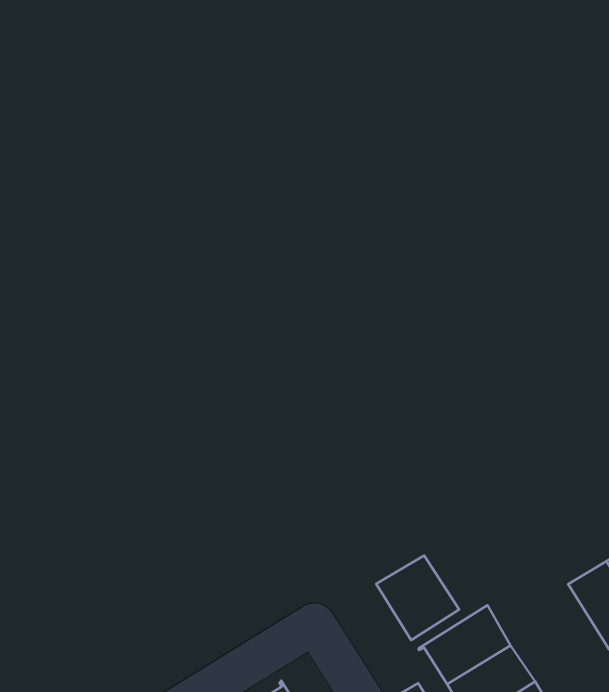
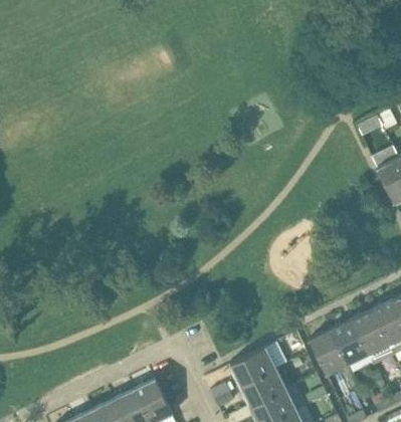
building: [376,555,459,640] -> none

